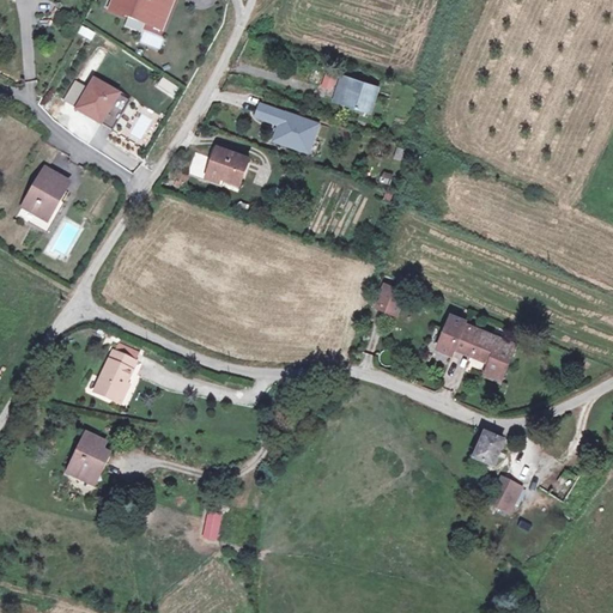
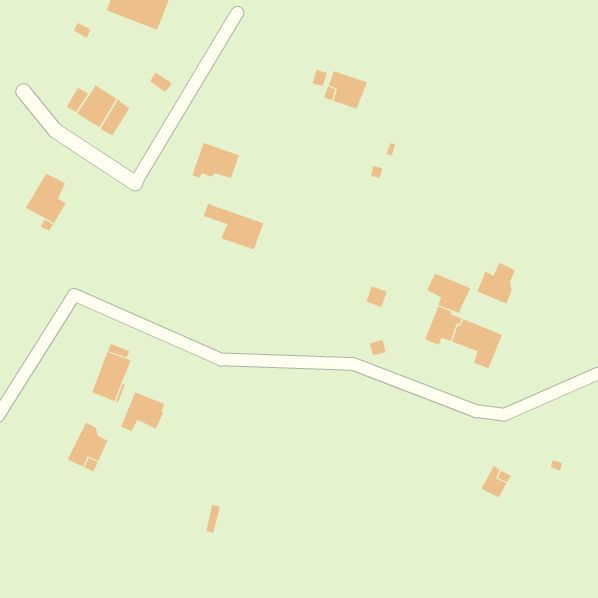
building: [250,101,312,148] -> [203,203,264,250]
building: none -> [476,262,515,304]
building: none -> [426,273,471,314]
building: none -> [121,391,165,432]
building: [473,431,504,465] -> none

